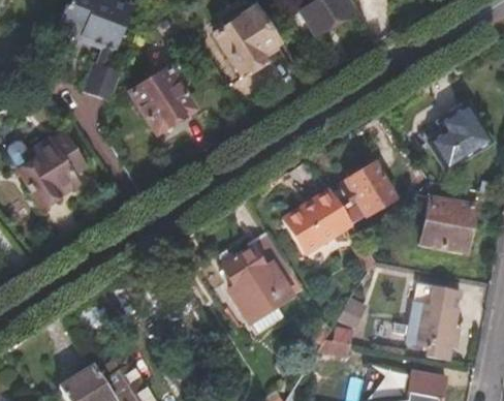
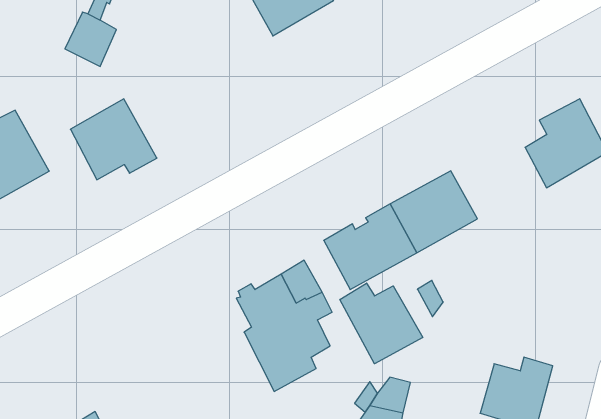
building: [131,67,196,128] -> [70,99,157,180]
building: [420,181,477,253] -> none
building: none -> [340,283,423,364]

